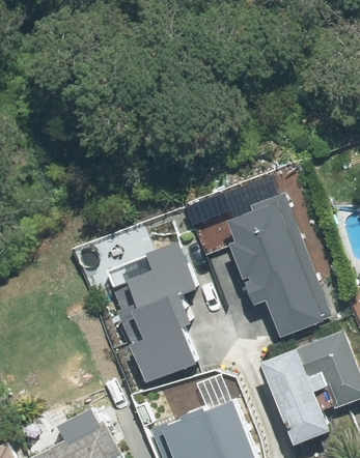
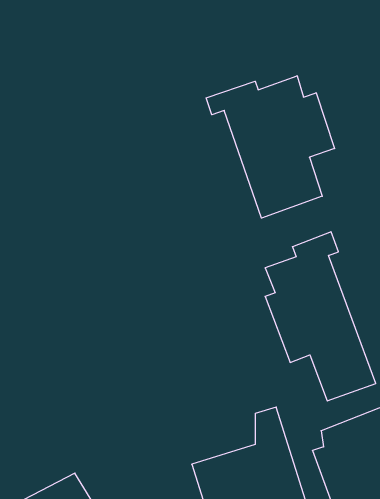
building: none -> [206,76,335,218]
building: [108,244,201,388] -> none

